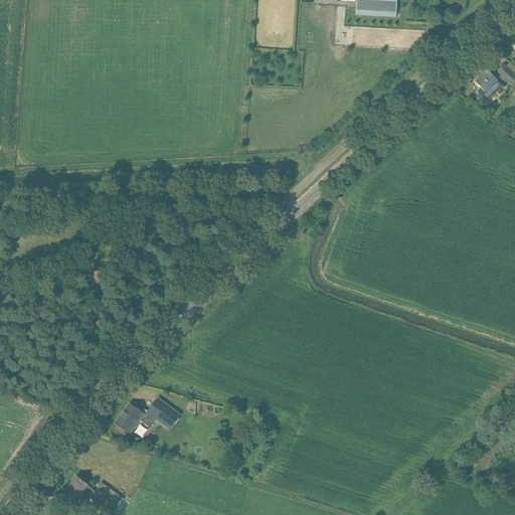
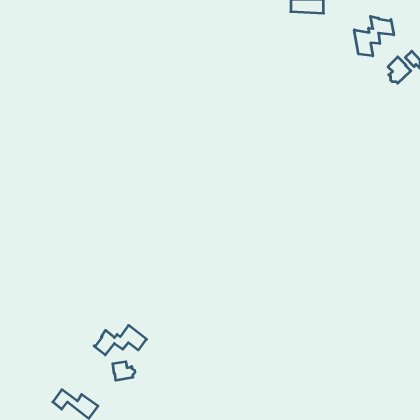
building: none -> [354,16,394,56]
building: none -> [113,362,135,380]

